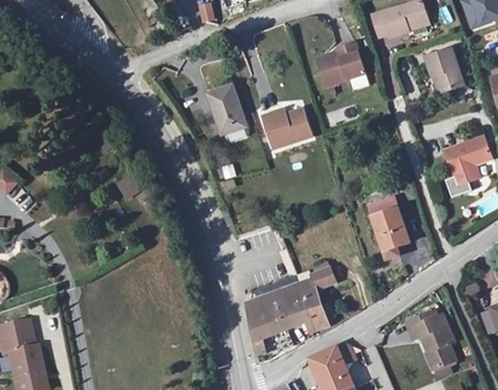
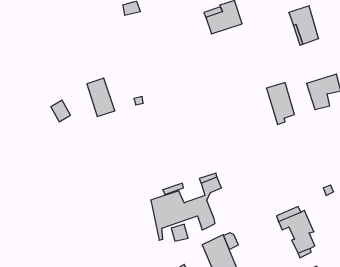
building: [207,85,244,135] -> [87,78,115,116]
building: [258,106,307,147] -> none
building: [369,205,405,259] -> [266,83,294,125]

